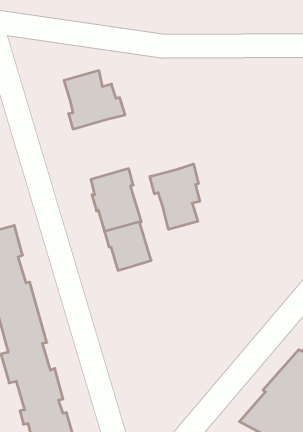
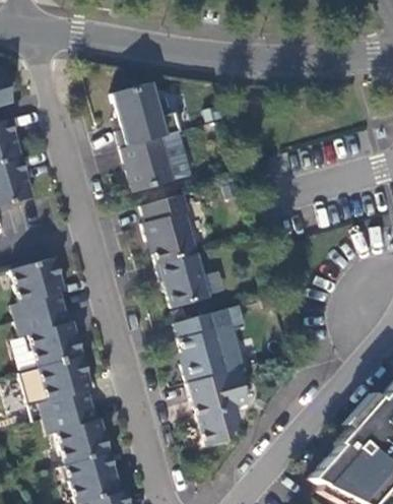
building: none -> [122,136,174,191]
building: [150,164,200,229] -> none
building: none -> [176,311,248,445]

